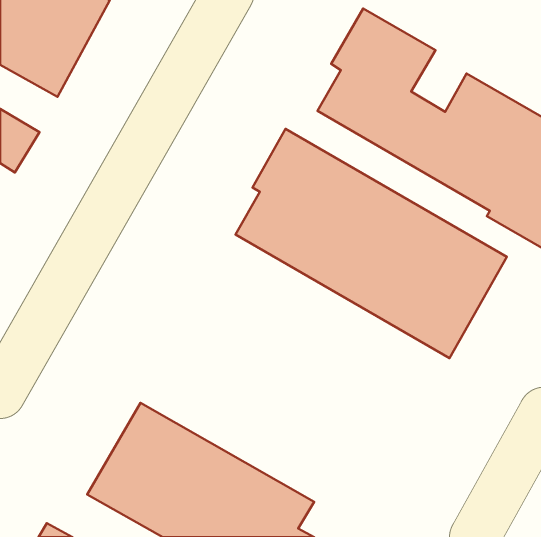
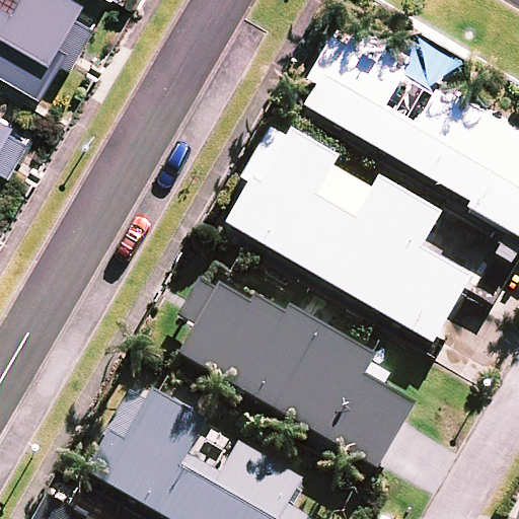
building: none -> [179,273,411,466]

